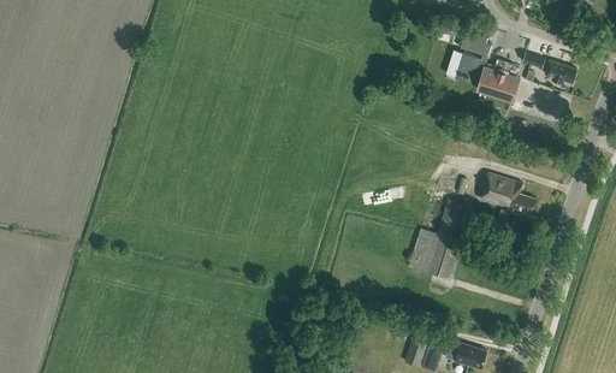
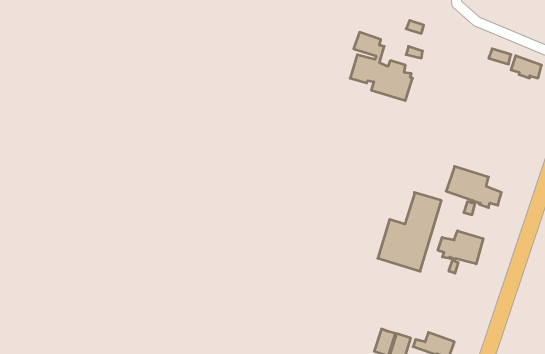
building: [455,30,519,100] -> [350,32,413,101]
building: none -> [438,231,483,273]

